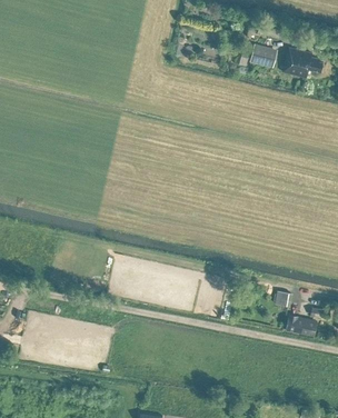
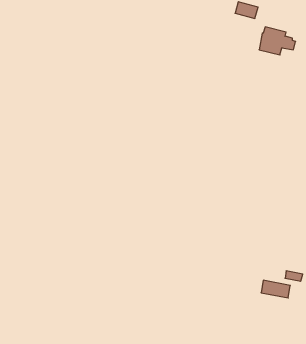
building: [249,43,277,68] -> none

